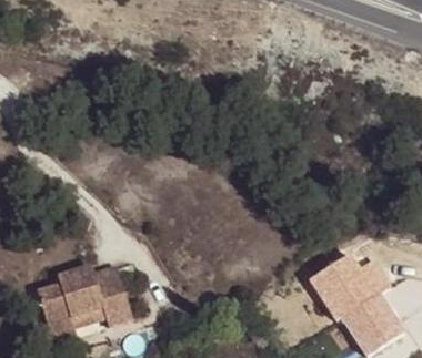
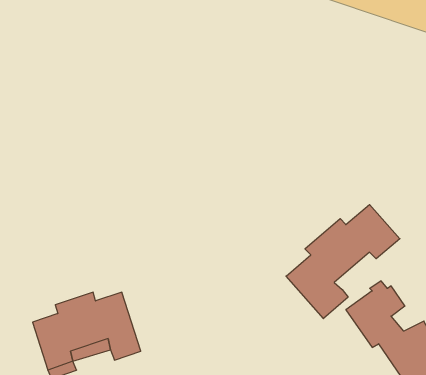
building: none -> [286,205,400,319]

